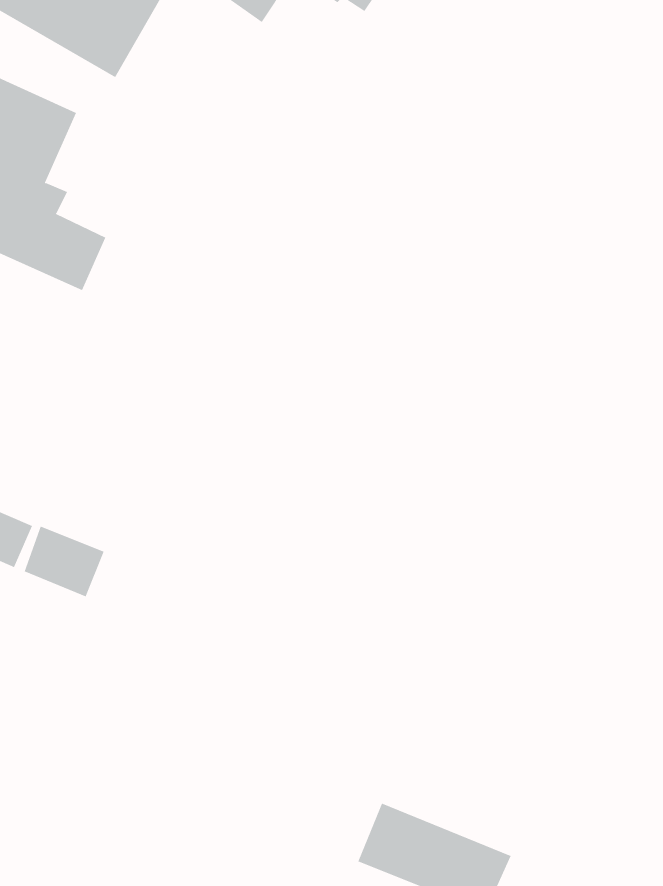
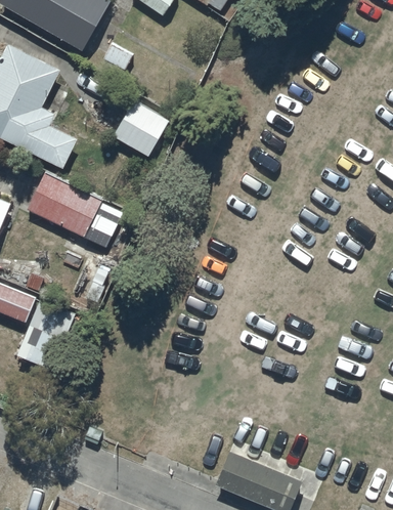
building: none -> [112,100,168,156]
building: none -> [27,174,104,242]

